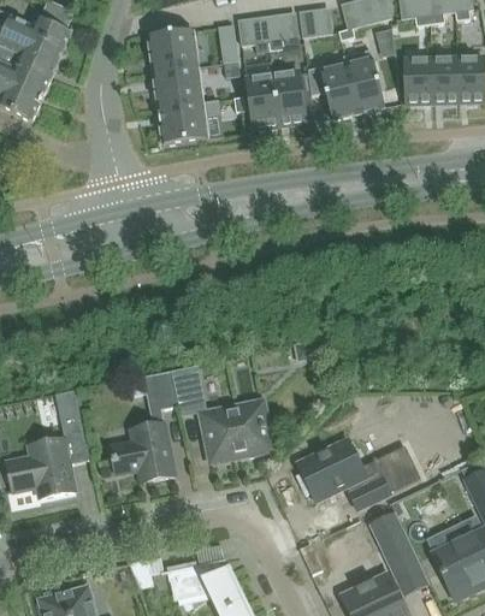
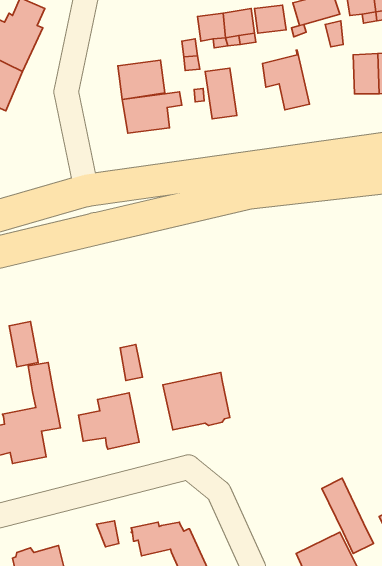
building: [147,29,197,72] -> none
building: [344,49,384,113] -> none
building: [272,71,306,125] -> none
building: none -> [9,322,38,367]
building: [171,366,201,414] -> none
building: [296,439,420,510] -> none

